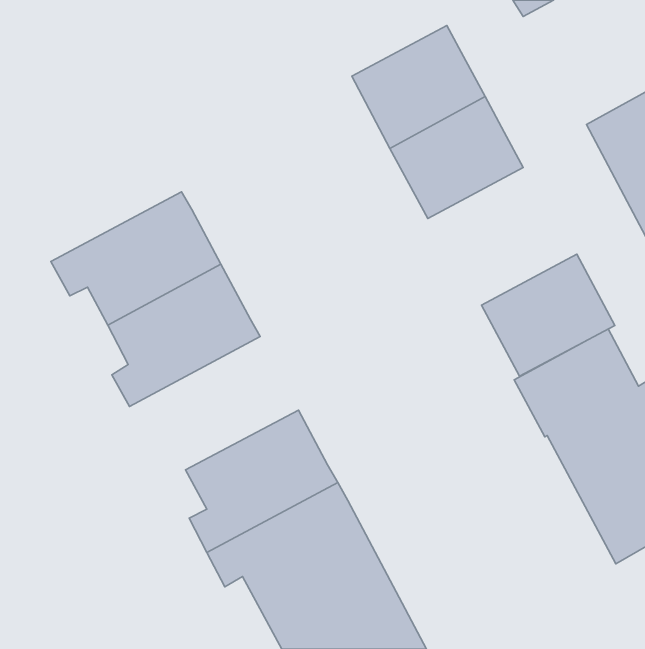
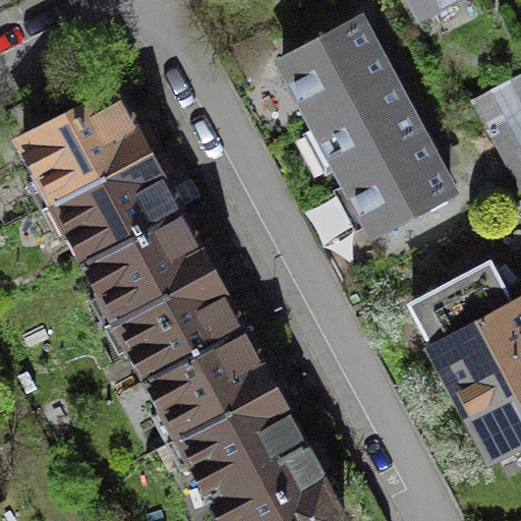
building: none -> [25,94,149,210]
building: [481,254,615,376] -> [346,134,453,232]
building: none -> [107,270,242,377]

